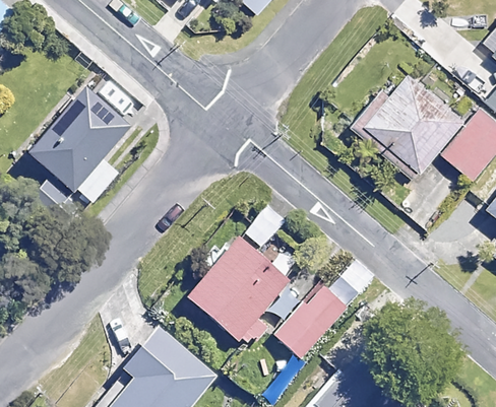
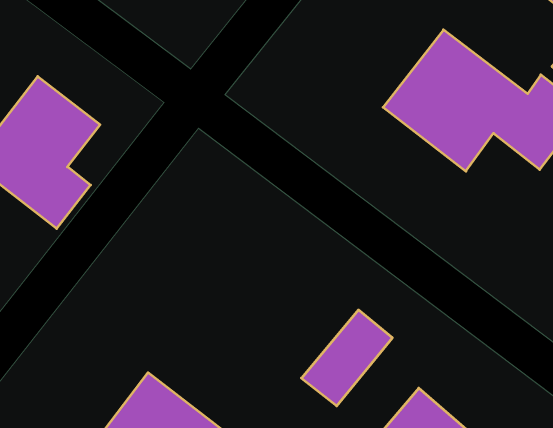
building: [187,234,312,350] -> none

